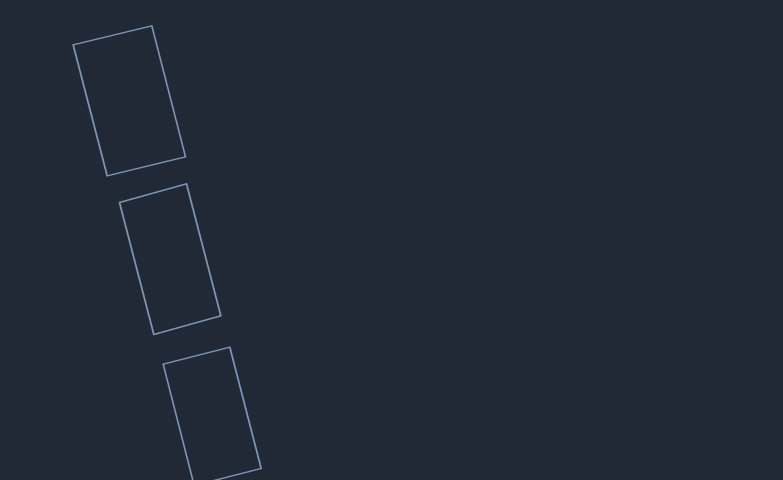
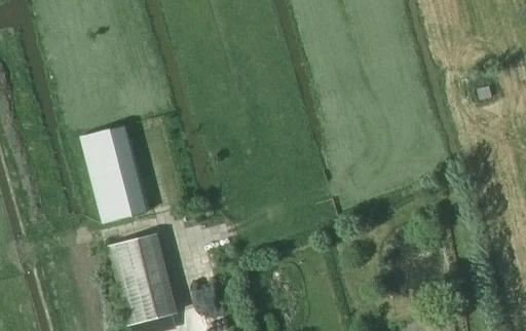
building: [73,26,186,176] -> none

